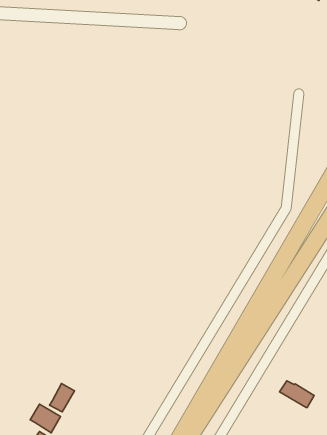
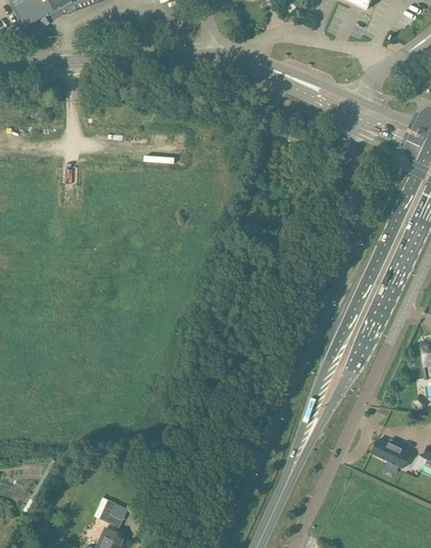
building: [50,383,74,412] -> none

